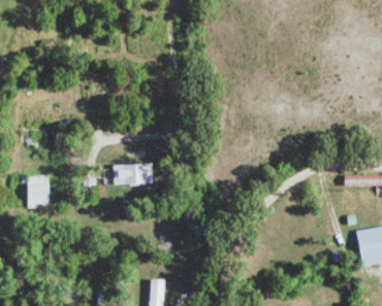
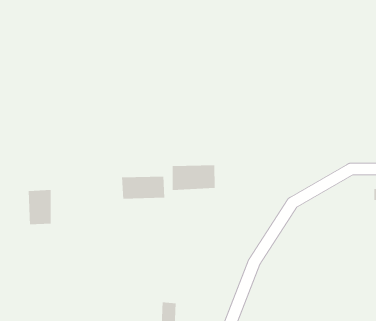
building: none -> [172,164,215,191]

